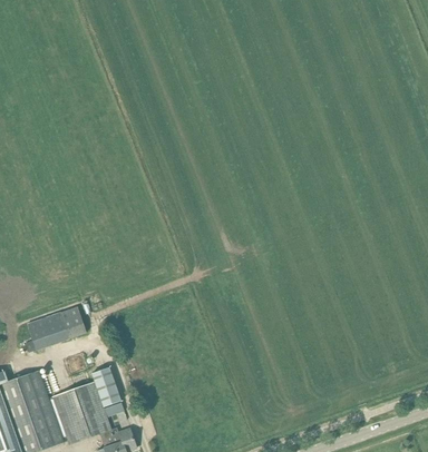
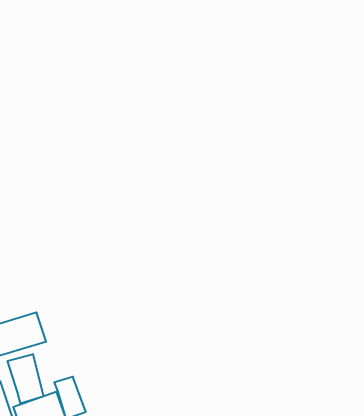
building: none -> [8,354,44,404]

